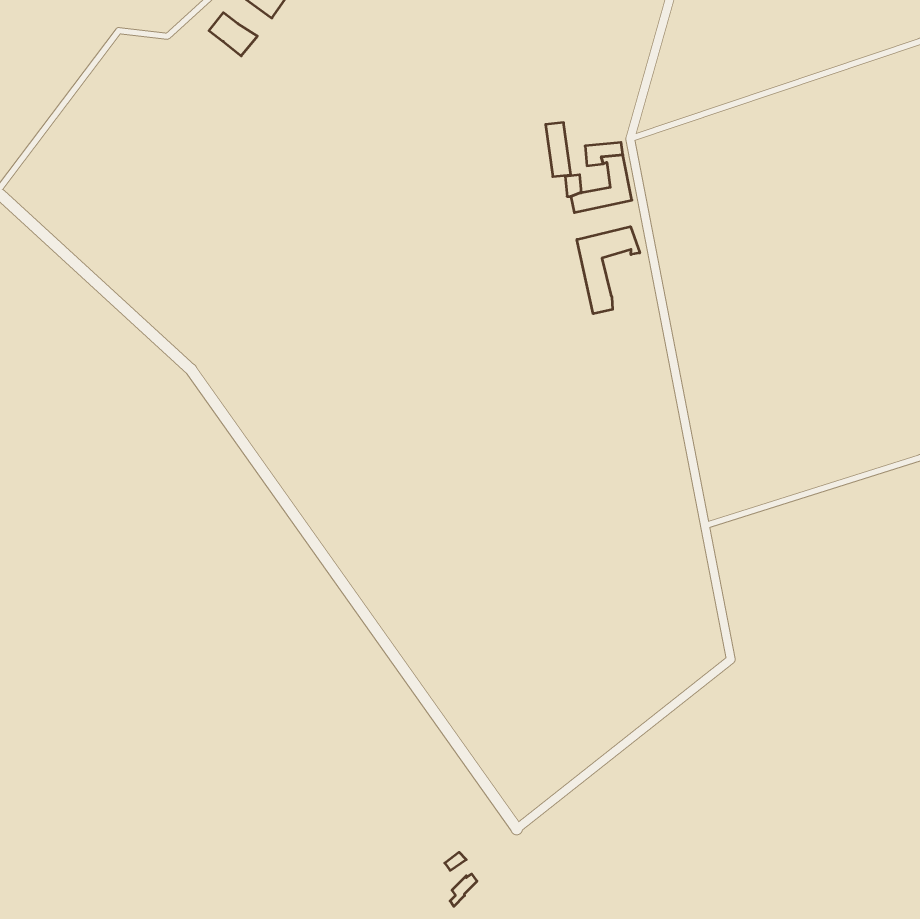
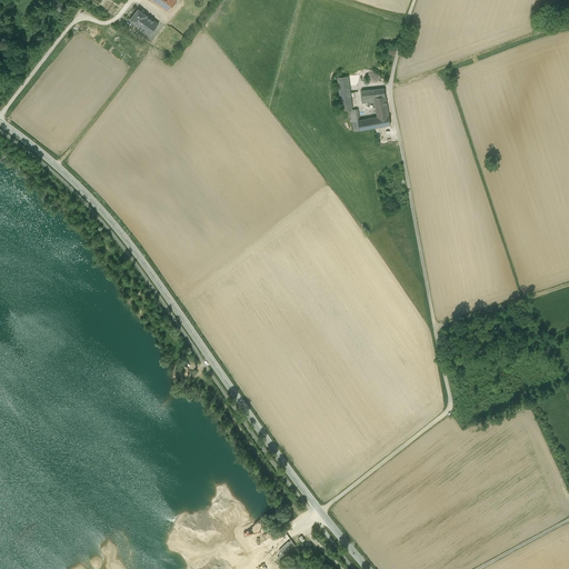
building: [577,227,640,314] -> none

